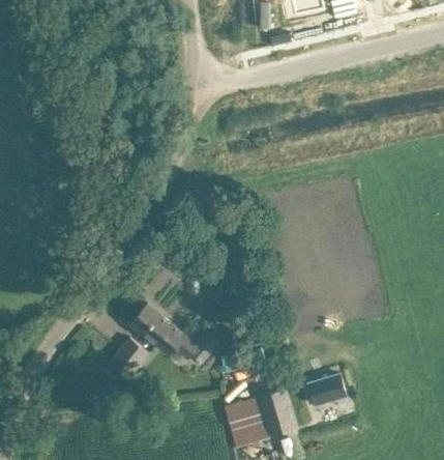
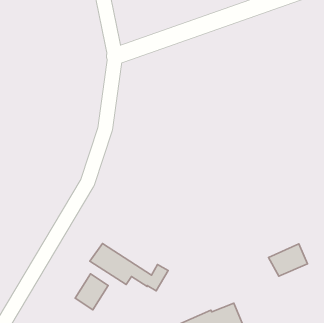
building: [304,371,348,405] -> [269,244,307,276]

